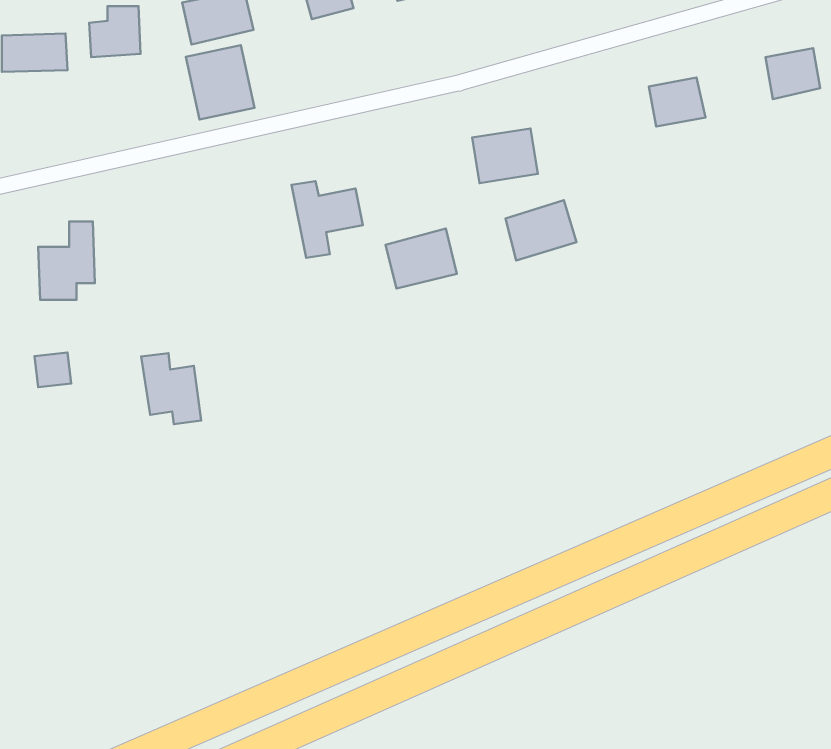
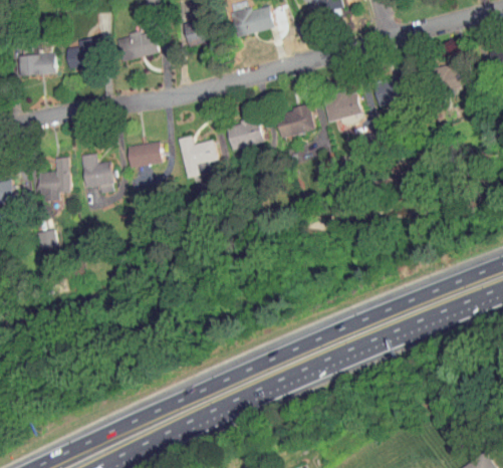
building: [186,45,254,120] -> none
building: none -> [127,143,162,169]
building: [505,200,576,260] -> [322,90,361,124]
building: [386,228,457,289] -> [226,118,265,151]
building: [141,353,201,424] -> [80,155,113,194]

